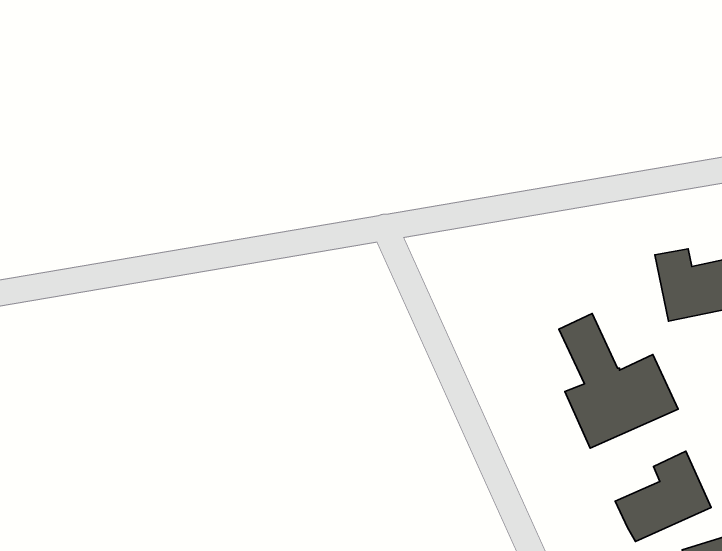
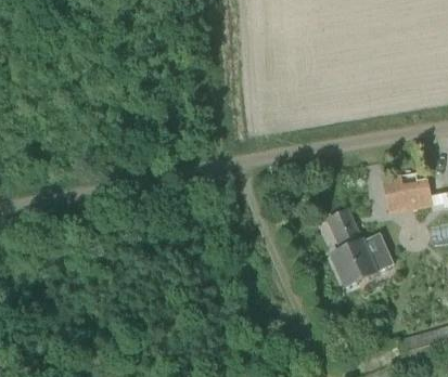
building: [615,451,711,541] -> none

